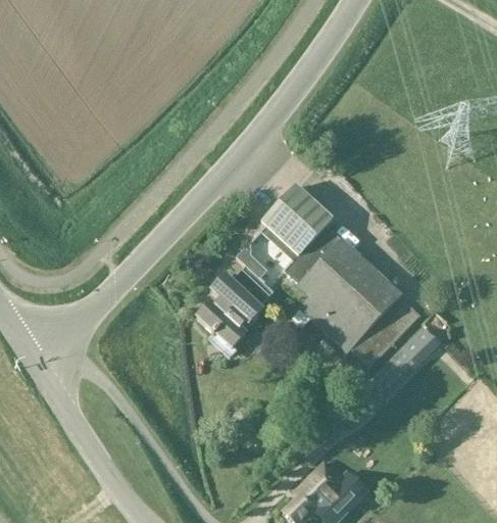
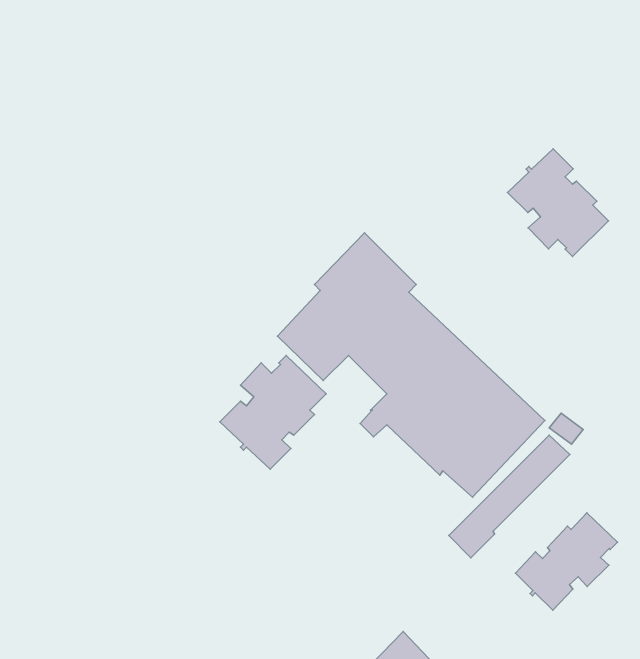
building: none -> [508,149,609,256]
building: none -> [515,513,617,610]

